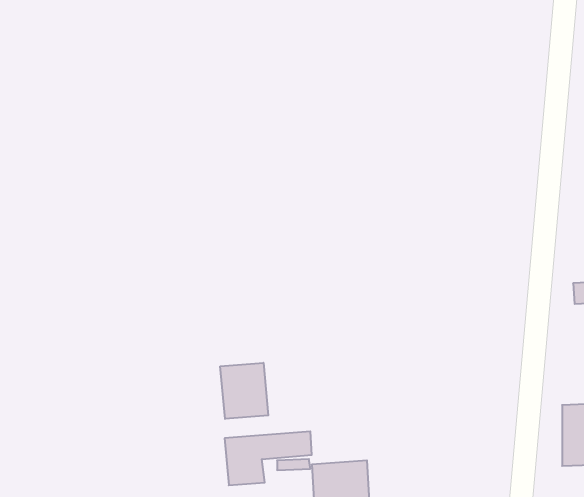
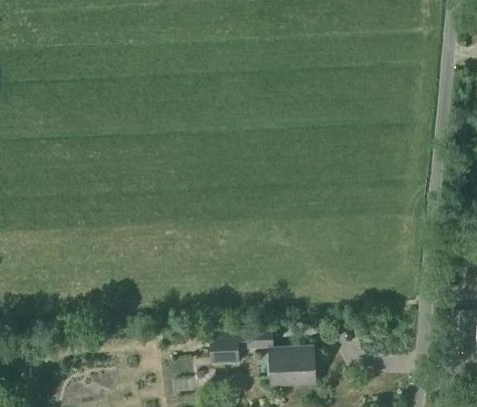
building: [220,363,268,419] -> none

